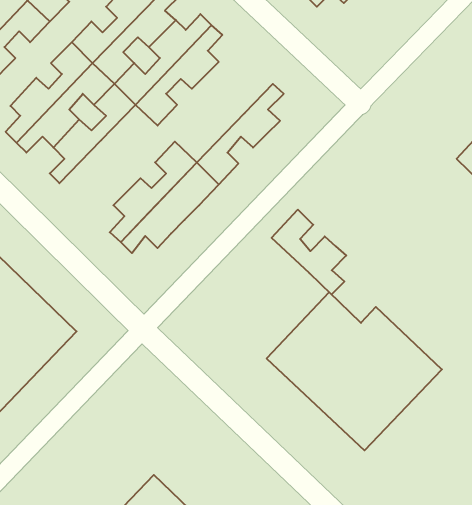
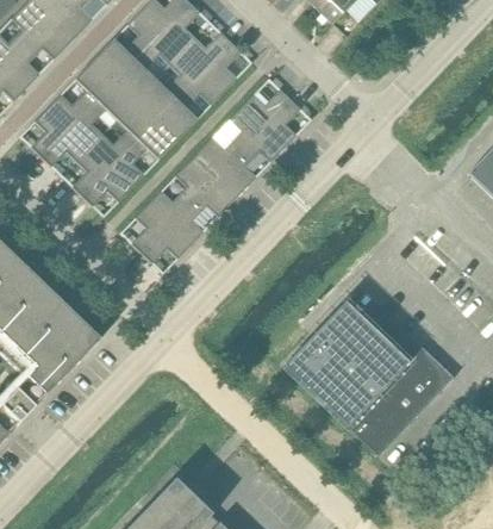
building: none -> [195,87,291,174]
building: none -> [83,118,180,205]
building: [272,210,346,295] -> none

